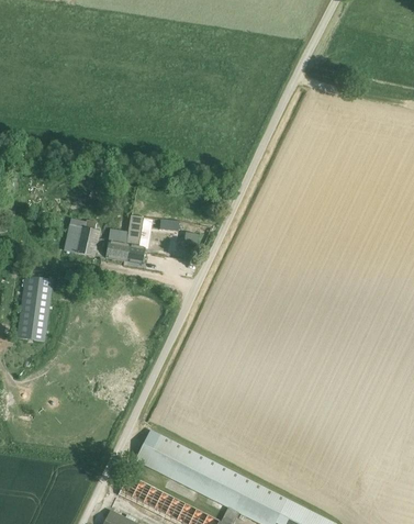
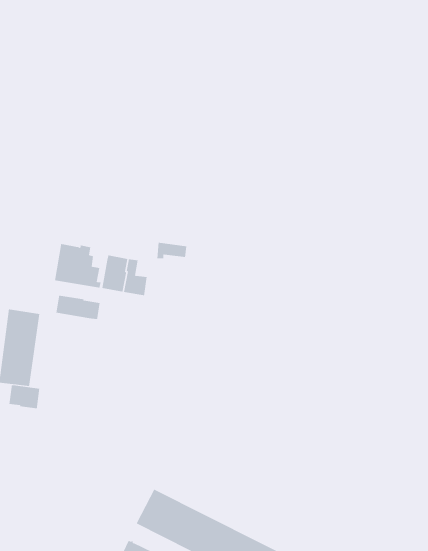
building: none -> [56,295,100,320]
building: none -> [9,385,40,409]

